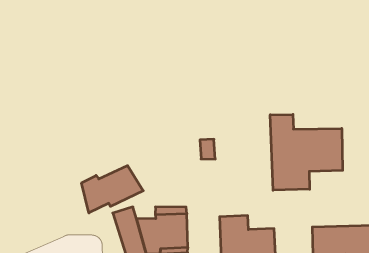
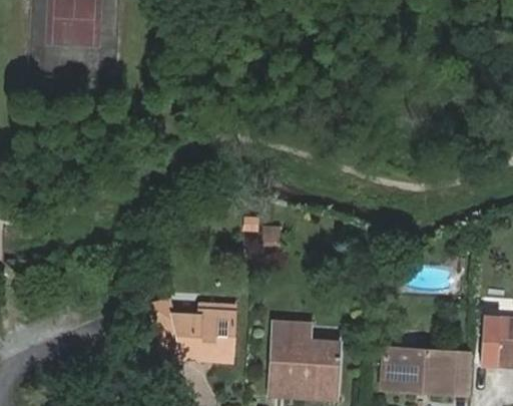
building: [270,114,343,190] -> none
building: [82,166,143,213] -> none

